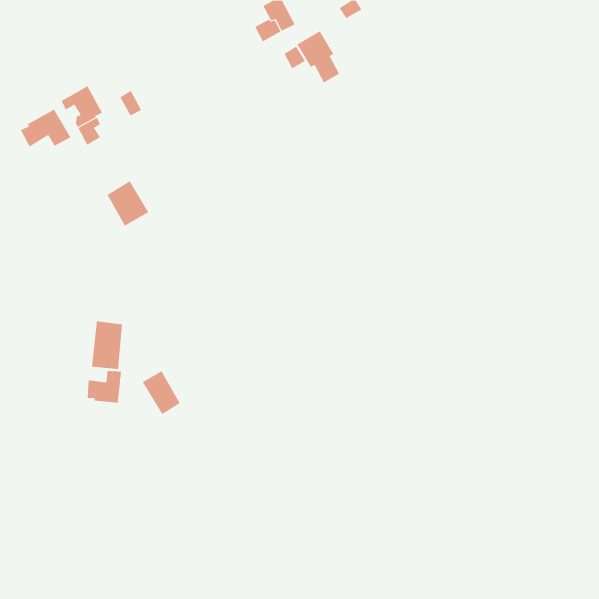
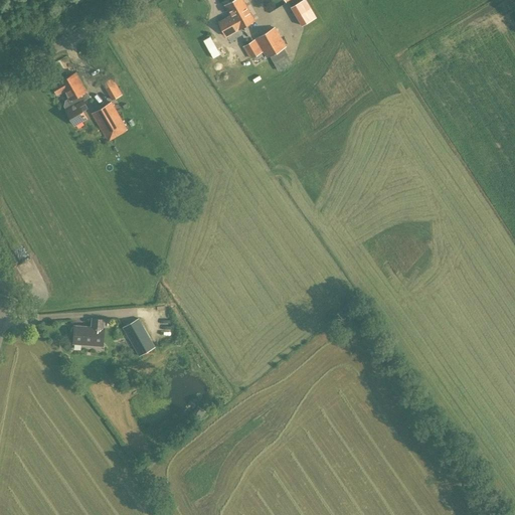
building: [20,109,71,147] -> none
building: [107,181,149,226] -> [92,102,128,141]
building: [91,320,122,370] -> none

